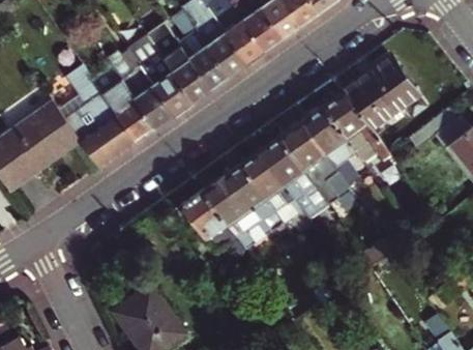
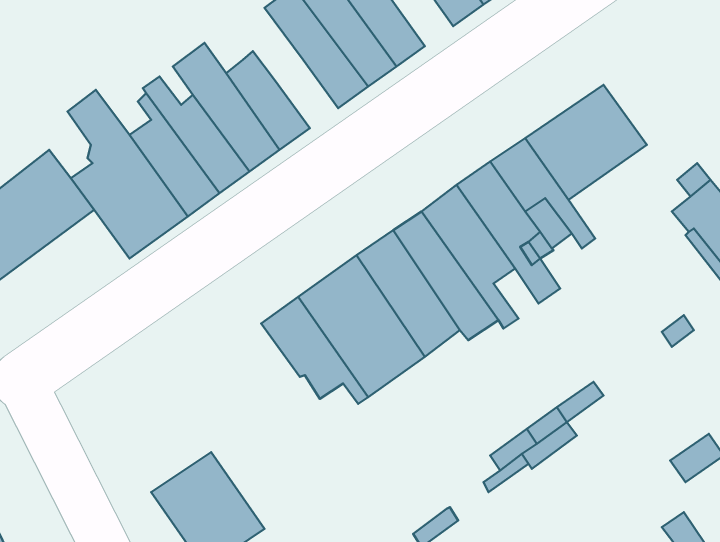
building: [172,11,231,86] -> none

